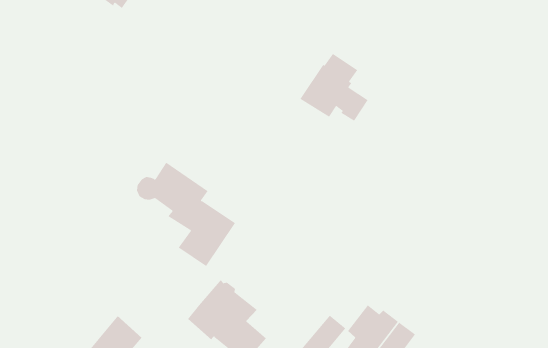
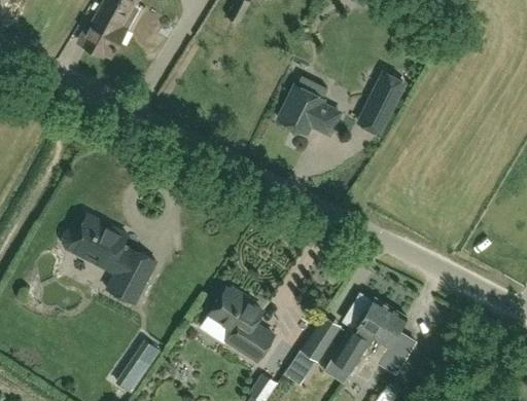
building: none -> [358,74,403,134]
building: [136,162,236,267] -> [63,215,155,304]

